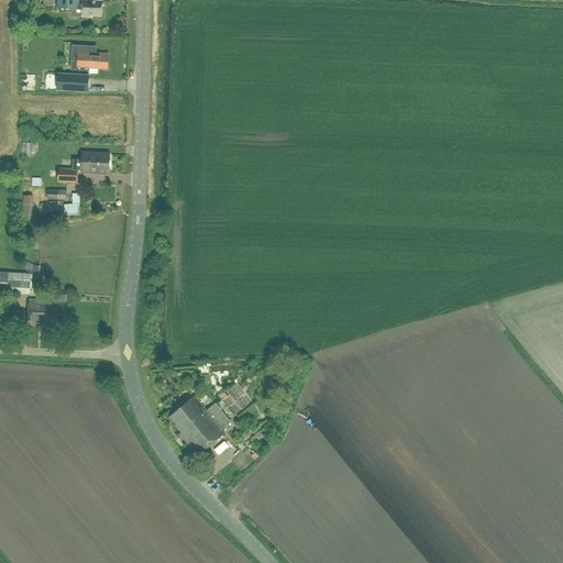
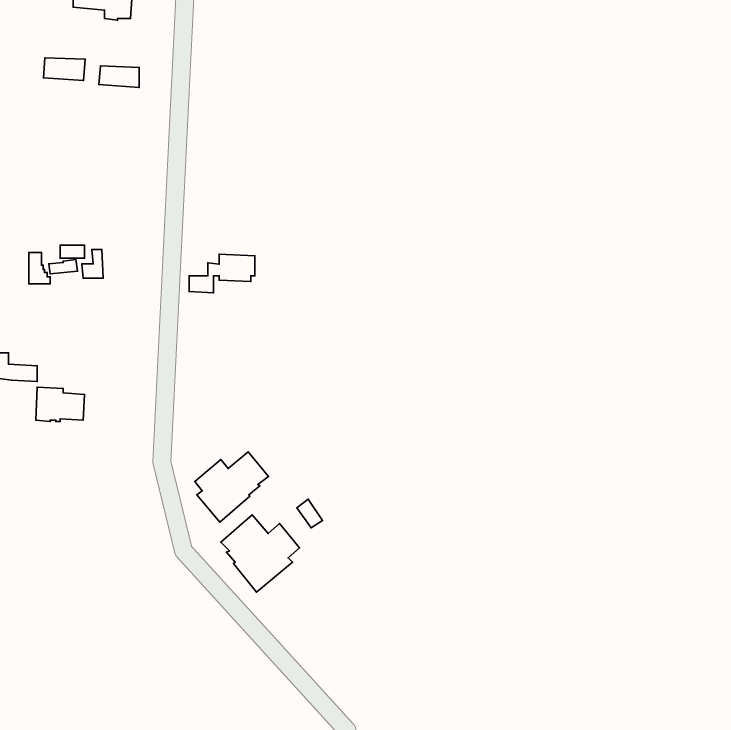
building: [56,73,88,90] -> [44,58,85,81]
building: [57,151,108,180] -> [189,254,255,293]
building: none -> [195,452,268,522]

